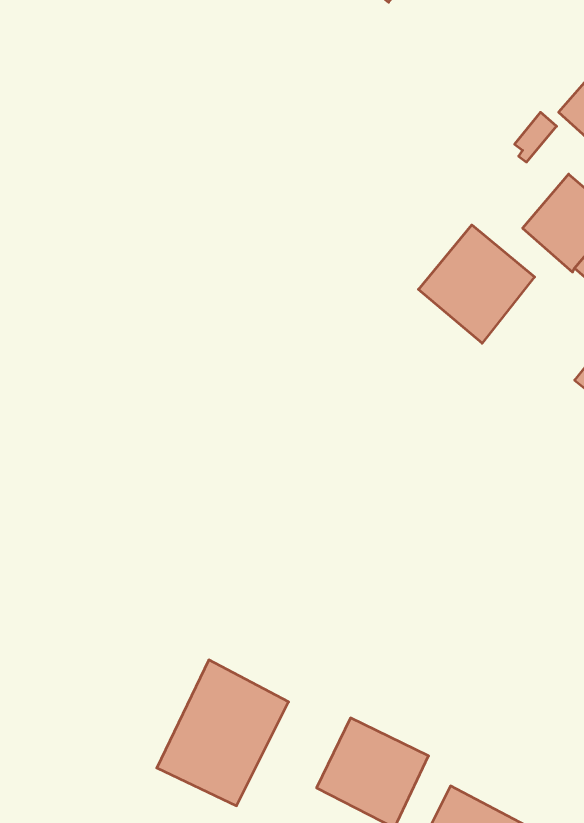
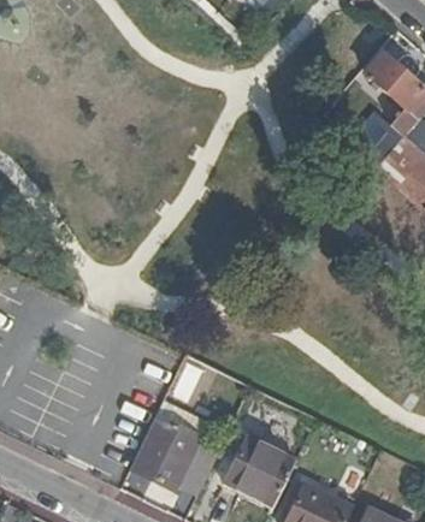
building: [418,225,535,343] -> none

